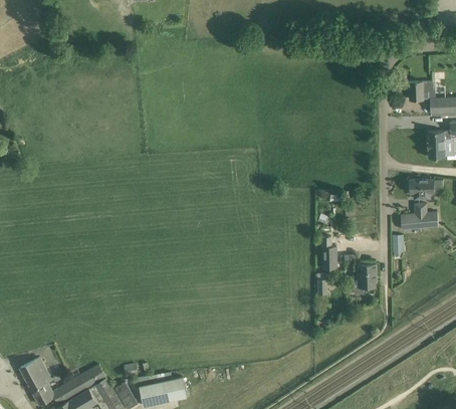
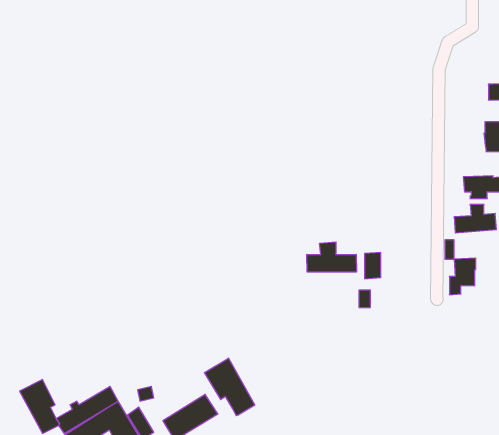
building: [410,81,435,99] -> none
building: none -> [307,242,356,272]
building: [354,263,377,295] -> [449,258,476,295]
building: none -> [204,358,255,416]

